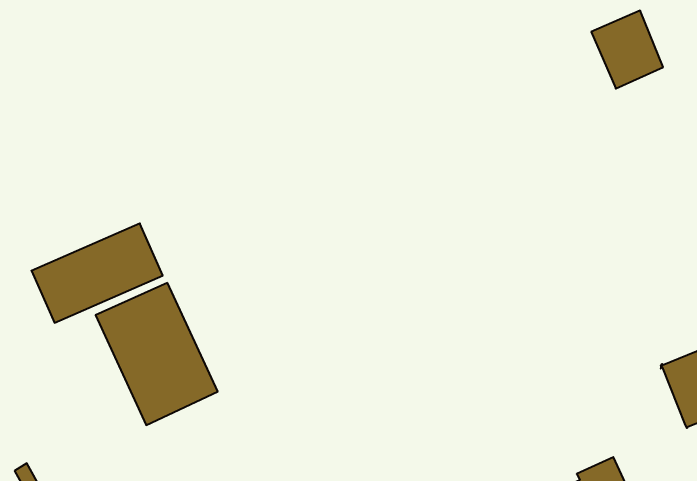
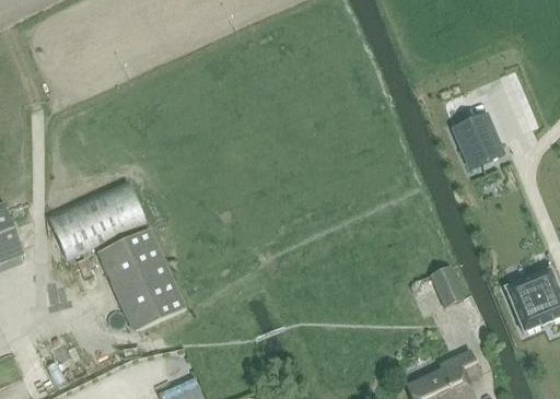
building: [591,11,663,89] -> [452,112,503,167]
building: none -> [429,265,465,306]

